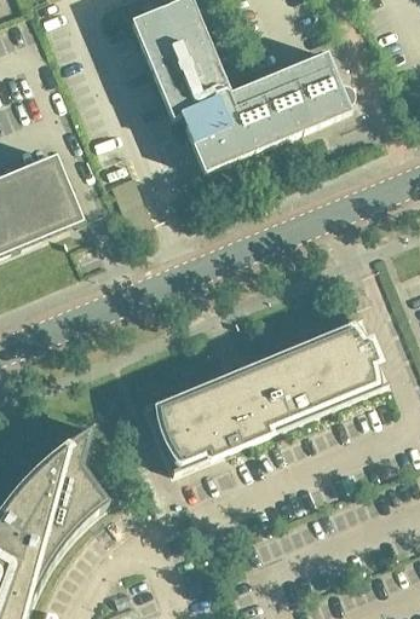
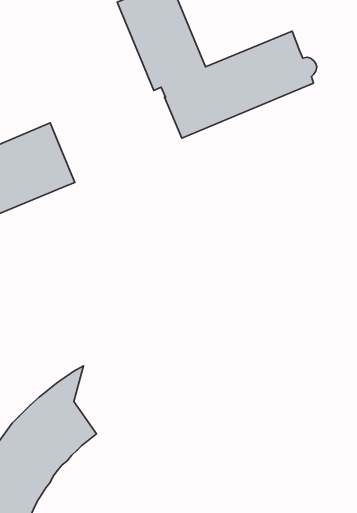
building: [145,317,389,473] -> none

